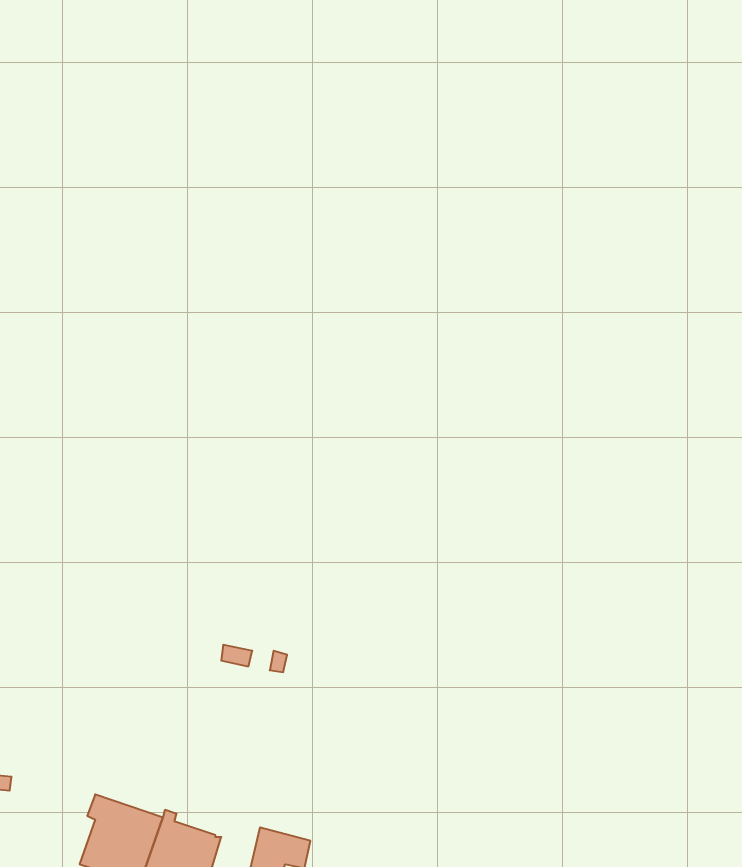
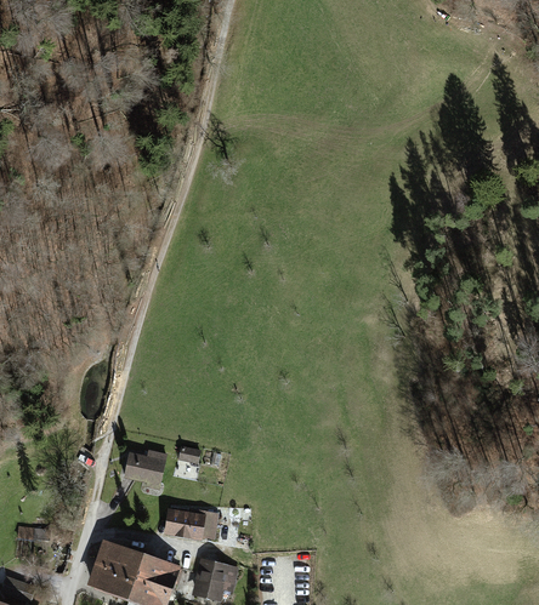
building: none -> [124,451,165,489]
building: none -> [166,508,217,538]

